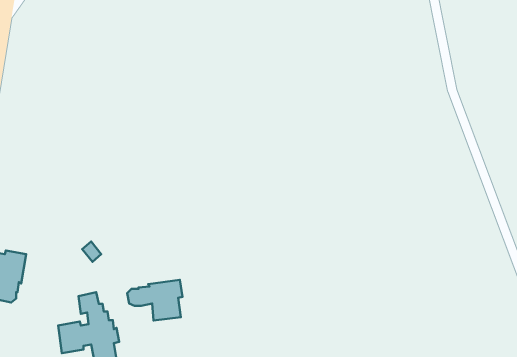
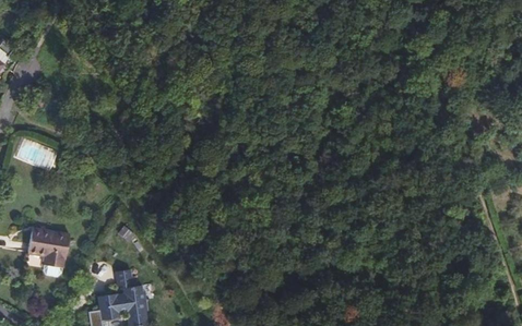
building: [127,280,182,321] -> none

